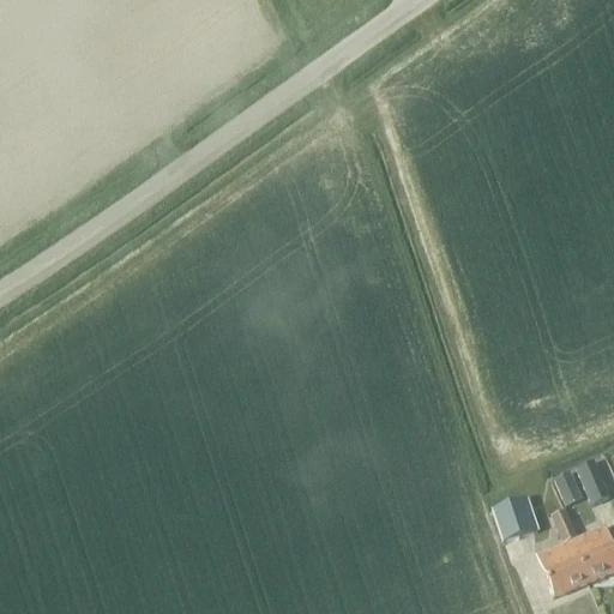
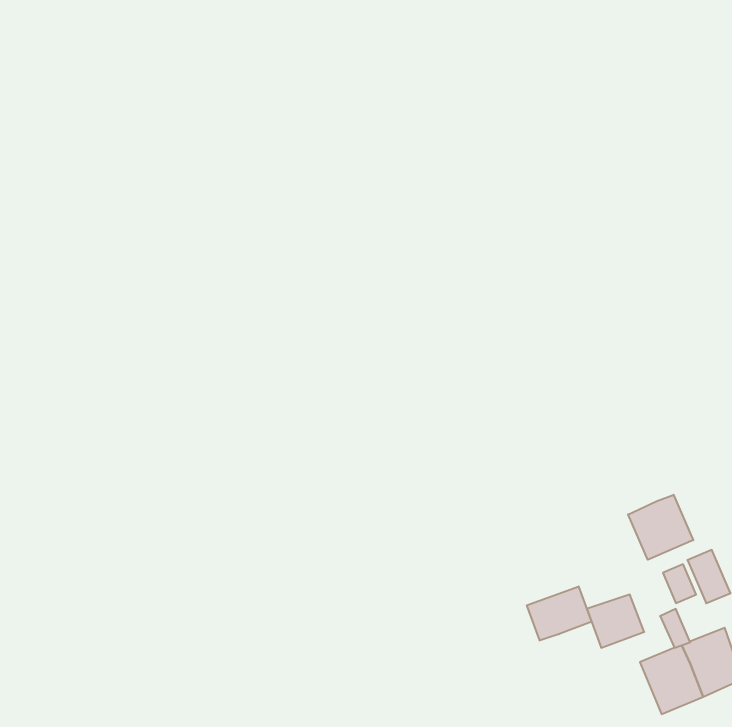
building: none -> [628,495,693,560]
building: none -> [527,586,591,641]

